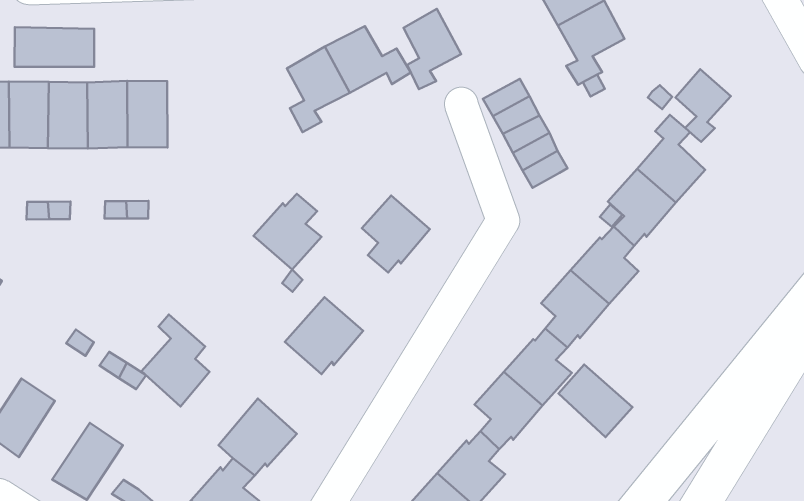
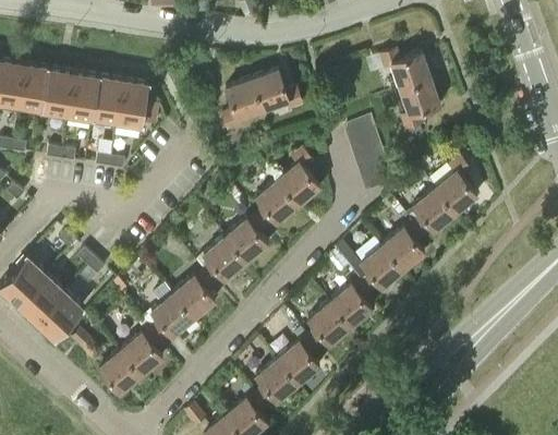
building: [404,9,461,89] -> none
building: [14,27,94,67] -> none
building: [675,69,731,142] -> none
building: none -> [278,149,320,205]
building: [254,194,321,269] -> [226,215,268,262]
building: [142,314,209,406] -> [173,261,216,319]
building: [559,365,632,437] -> none
building: none -> [17,274,65,323]

